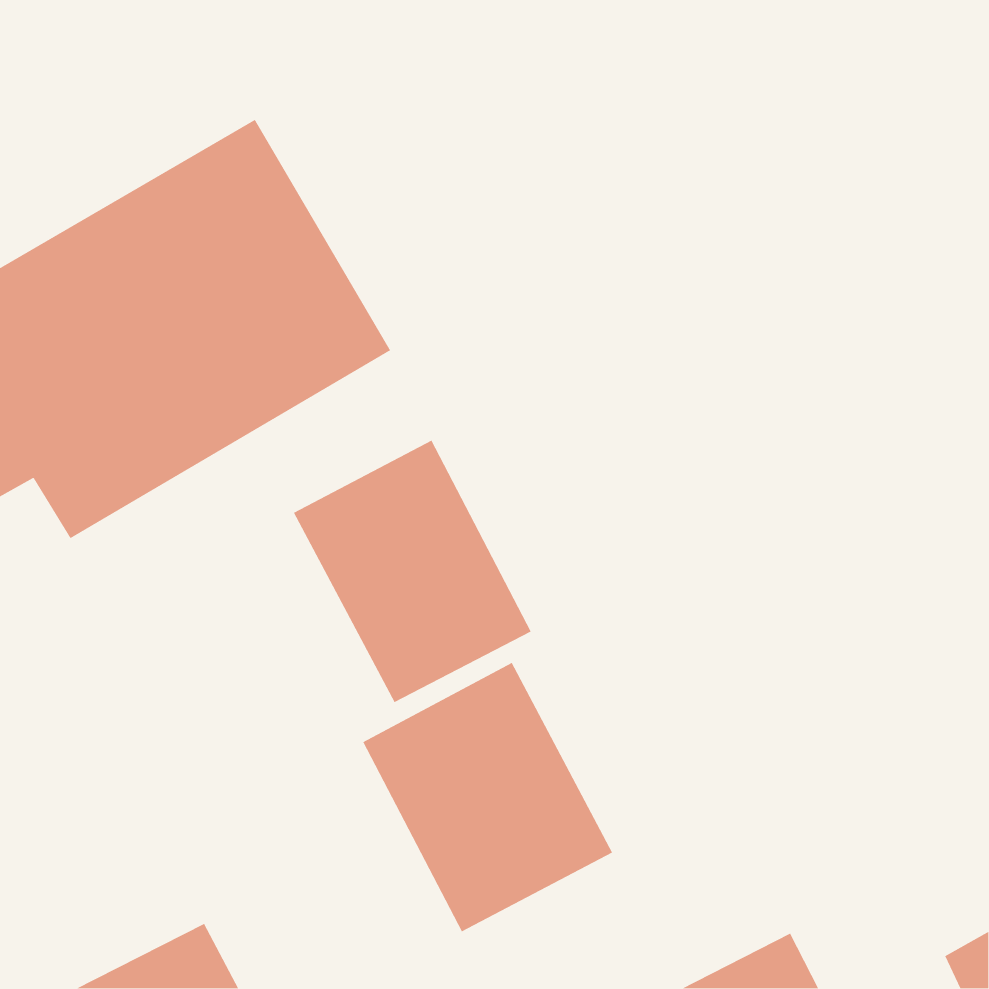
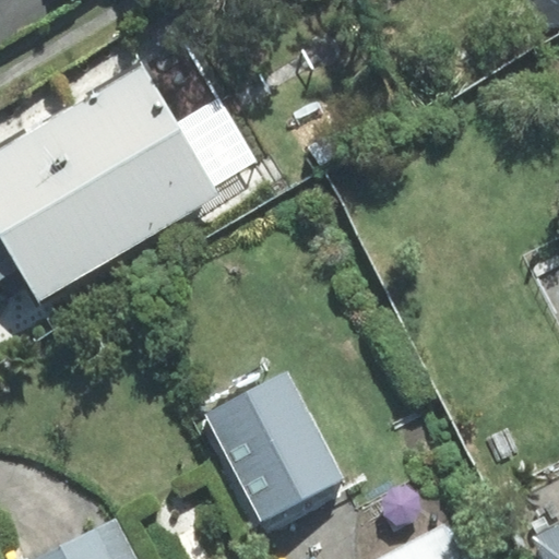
building: [293,440,532,703] -> none

